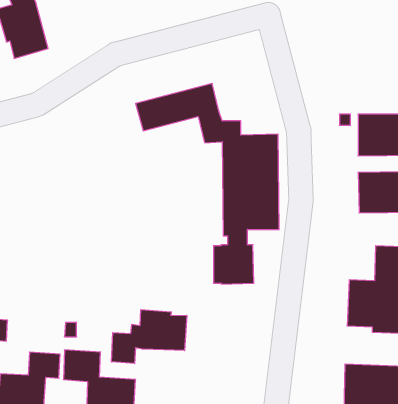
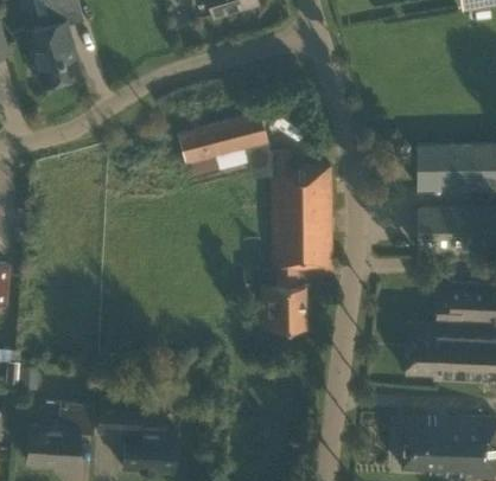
building: [111,310,187,364] -> none

